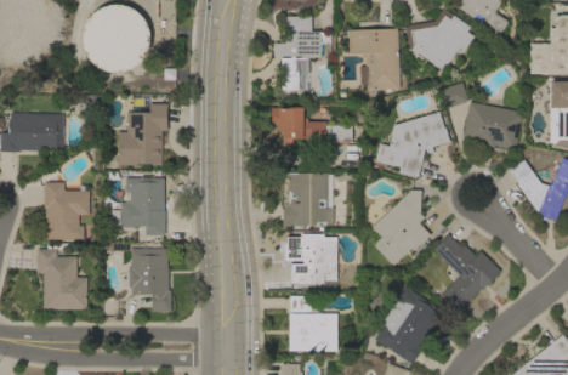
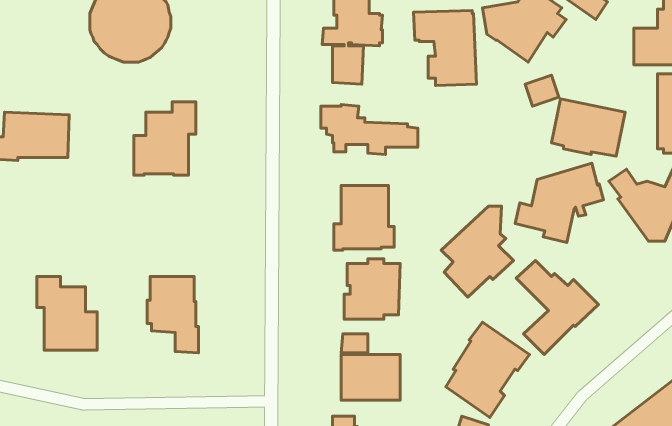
building: [376,112,449,177] -> [515,163,603,243]
building: [112,176,165,235] -> none
building: [44,182,90,240] -> none

